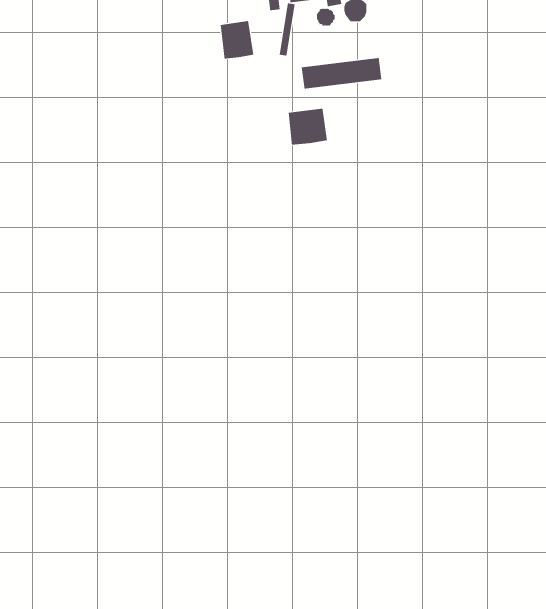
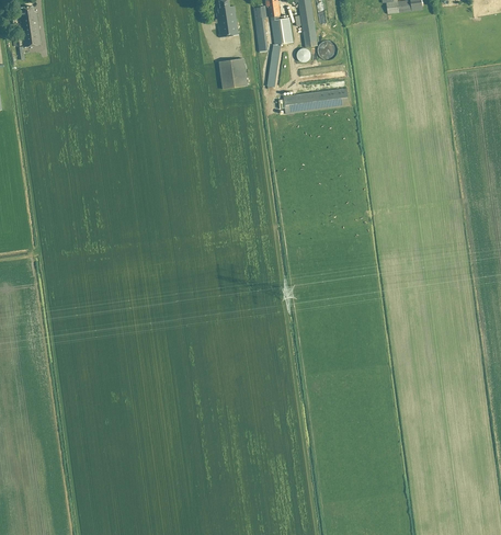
building: [288,108,328,145] -> none

